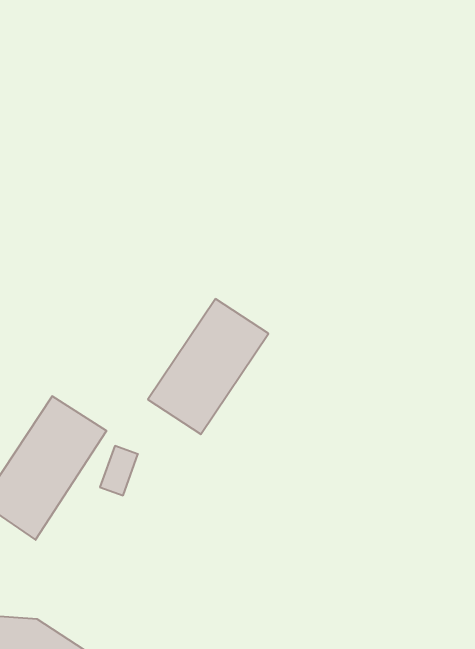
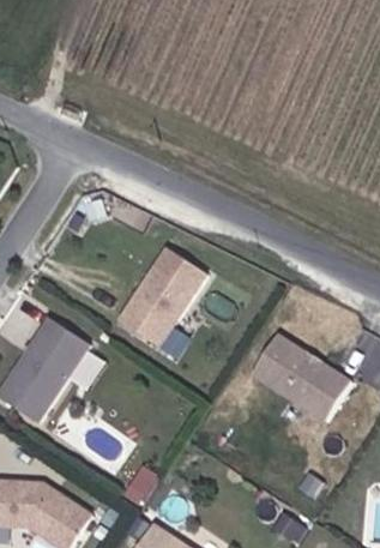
building: none -> [252,335,350,421]

